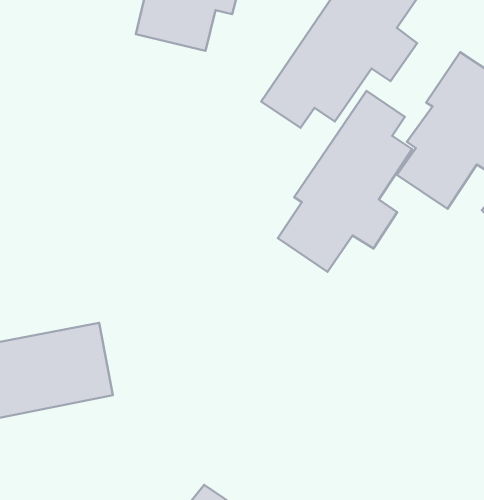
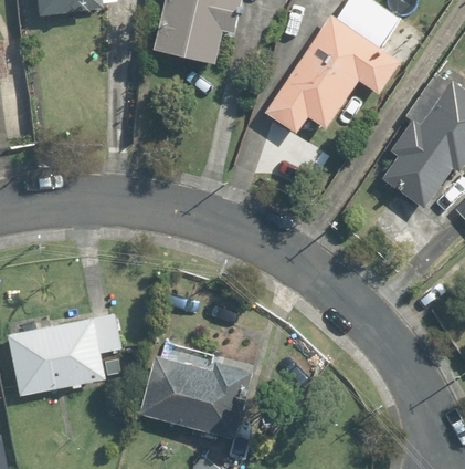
building: [278,91,412,272] -> none
building: none -> [150,355,256,428]

